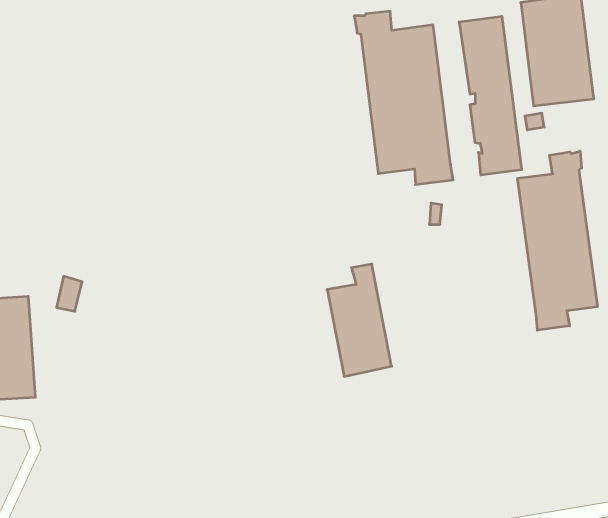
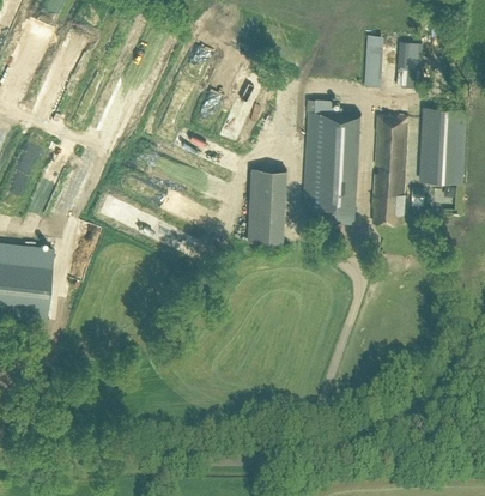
building: [518,151,597,330] -> none
building: [327,264,392,376] -> [251,170,286,243]

